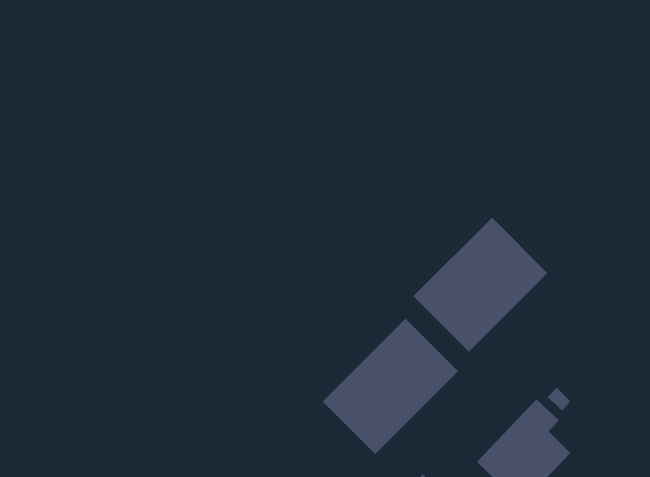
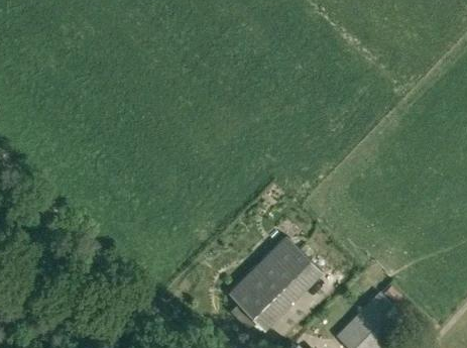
building: [413,217,548,352] -> none

